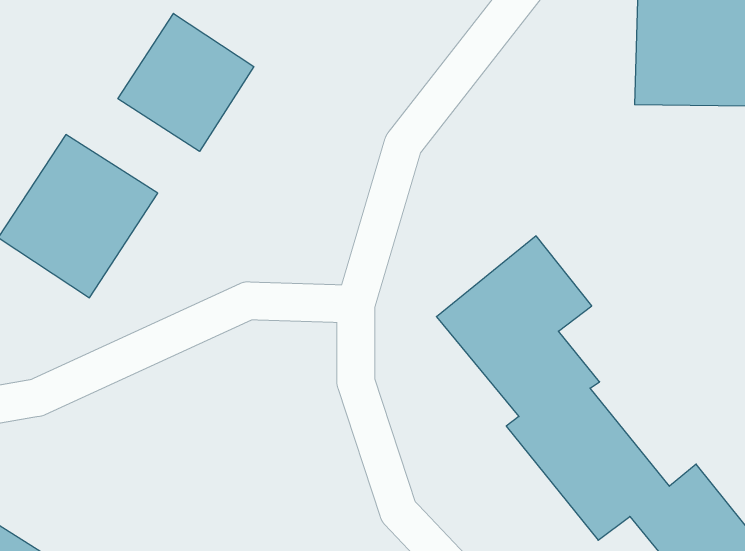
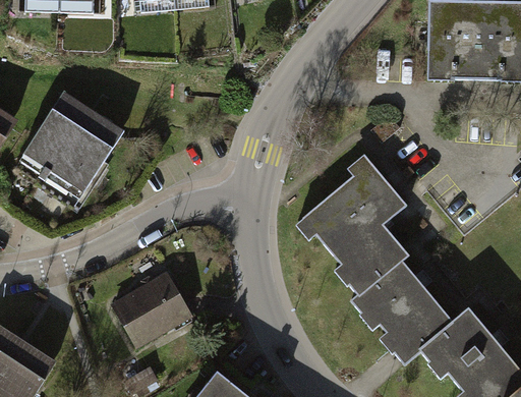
building: [118,13,254,151] -> none
building: none -> [108,269,190,346]

